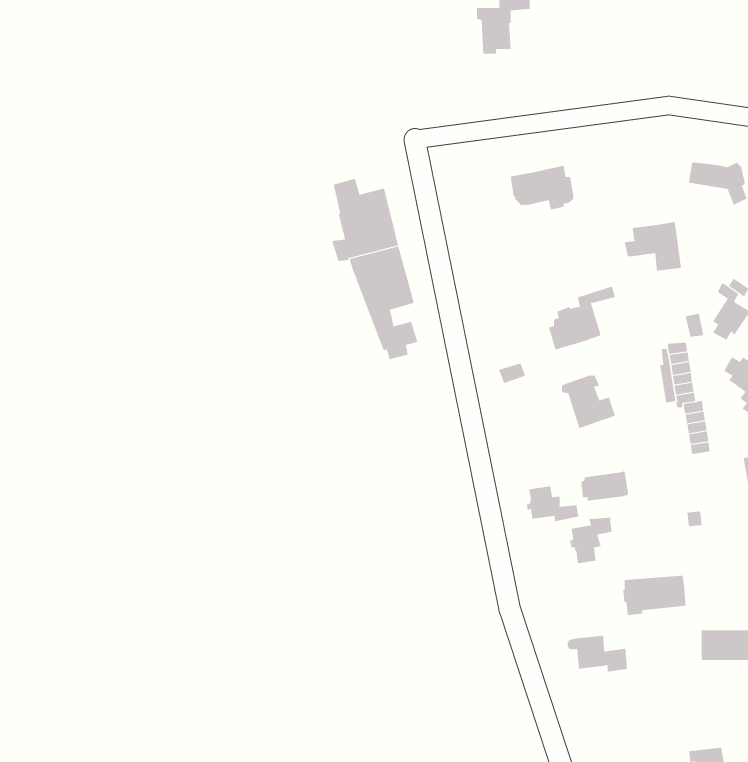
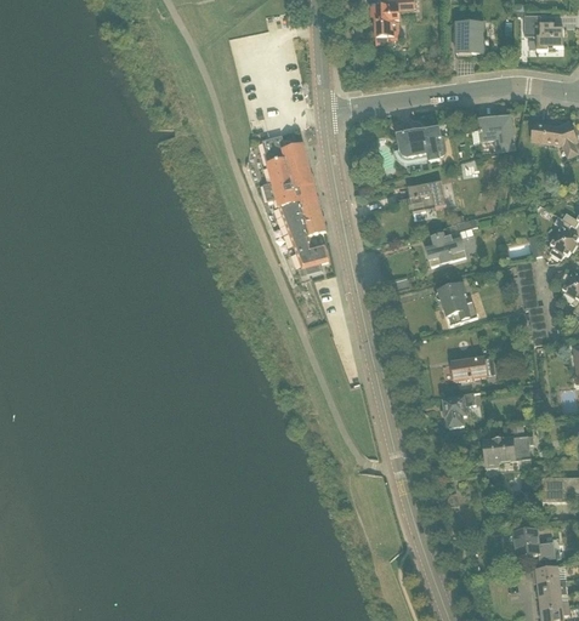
building: none -> [524,15,563,50]
building: none -> [455,23,487,52]
building: [624,221,682,271] -> [471,114,515,152]
building: none -> [407,181,445,211]
building: [526,486,580,522] -> none
building: [567,635,628,672] -> [509,531,555,559]

